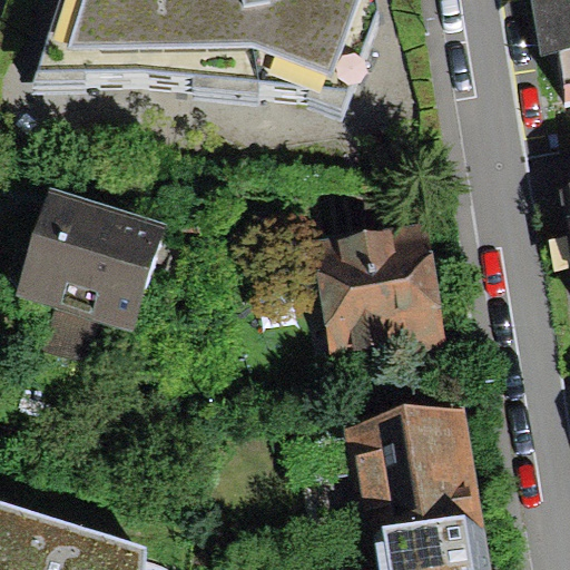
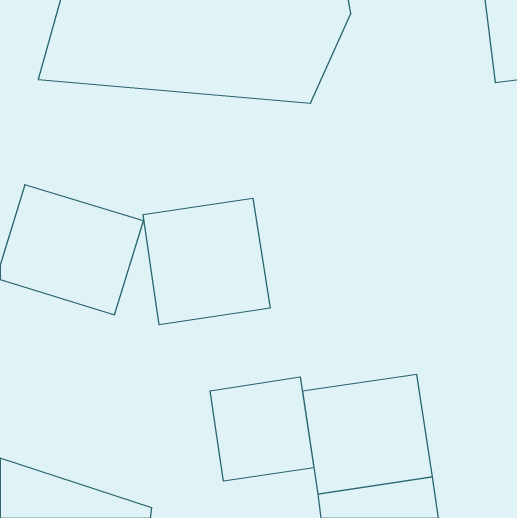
building: [322,190,444,340] -> none
building: none -> [143,198,270,325]
building: none -> [210,377,314,481]

